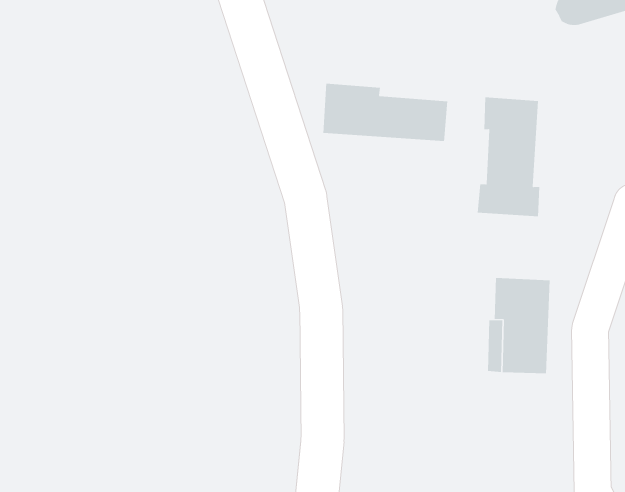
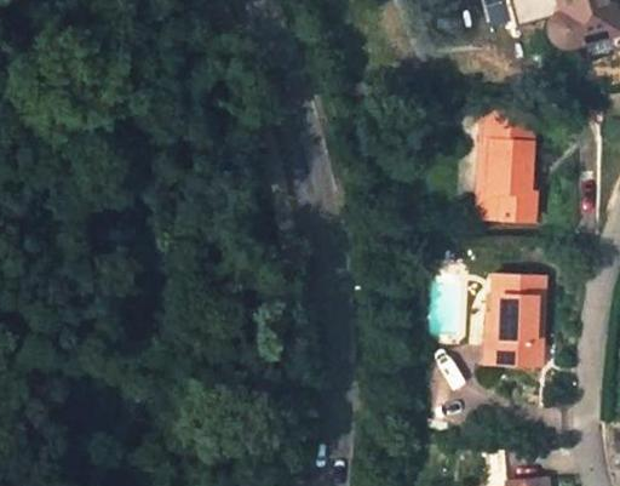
building: [323,83,448,142] -> none

